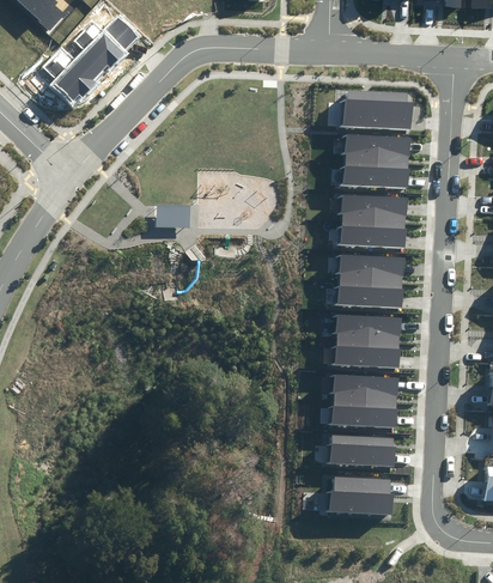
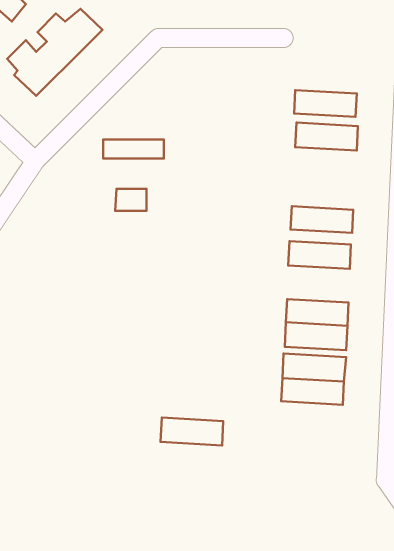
building: none -> [103,139,164,158]
building: [340,159,406,187] -> none
building: [339,195,404,224] -> none
building: [334,281,398,309] -> none
building: [328,436,392,464] -> [161,418,223,445]
building: [327,474,392,512] -> none

